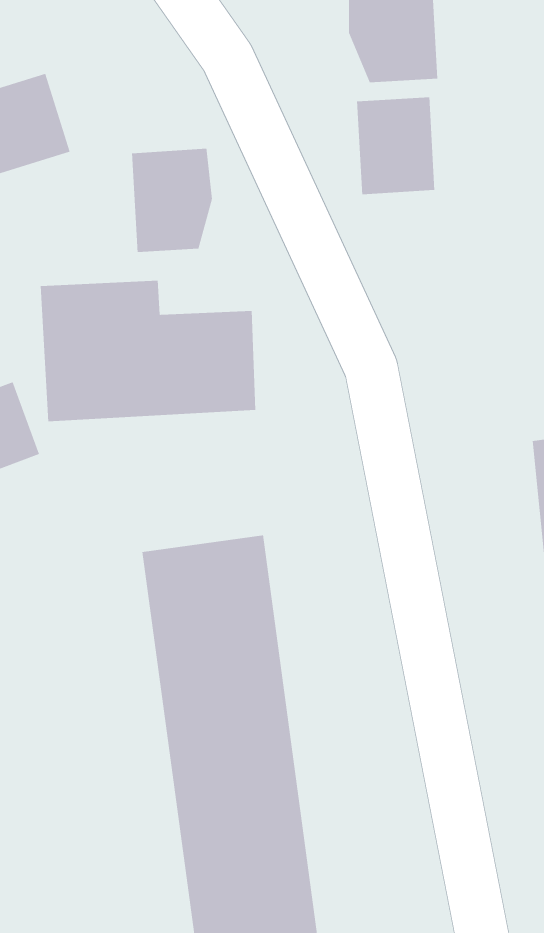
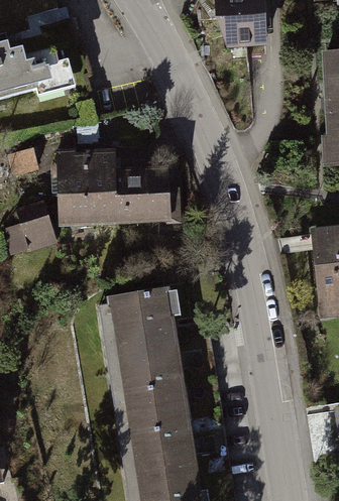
building: [356,96,435,195] -> none
building: [132,148,212,253] -> none

